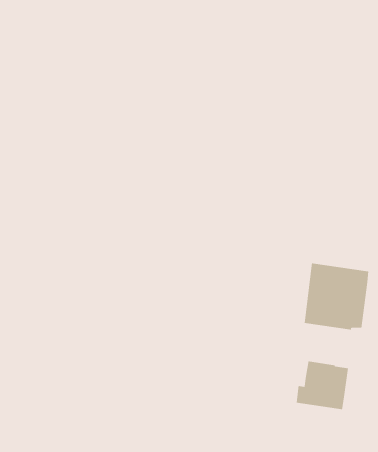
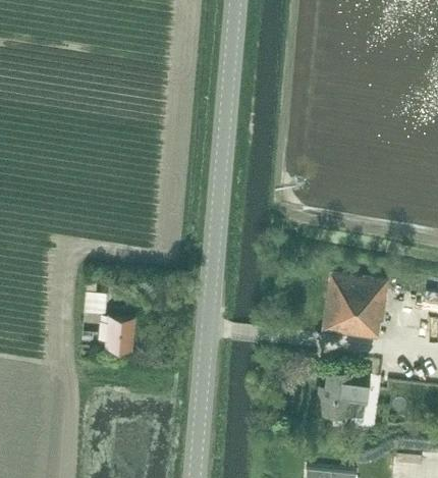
building: none -> [84,283,132,352]

